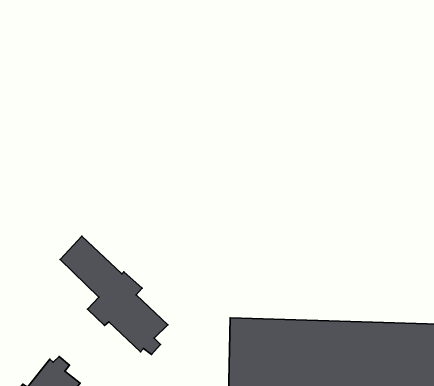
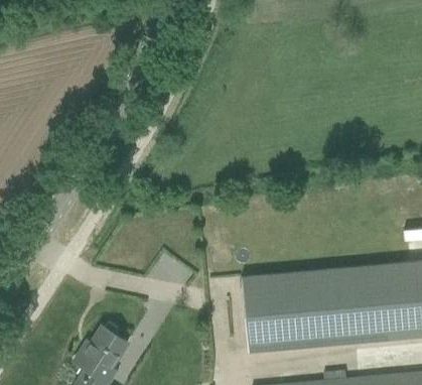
building: [60,236,168,355] -> none

